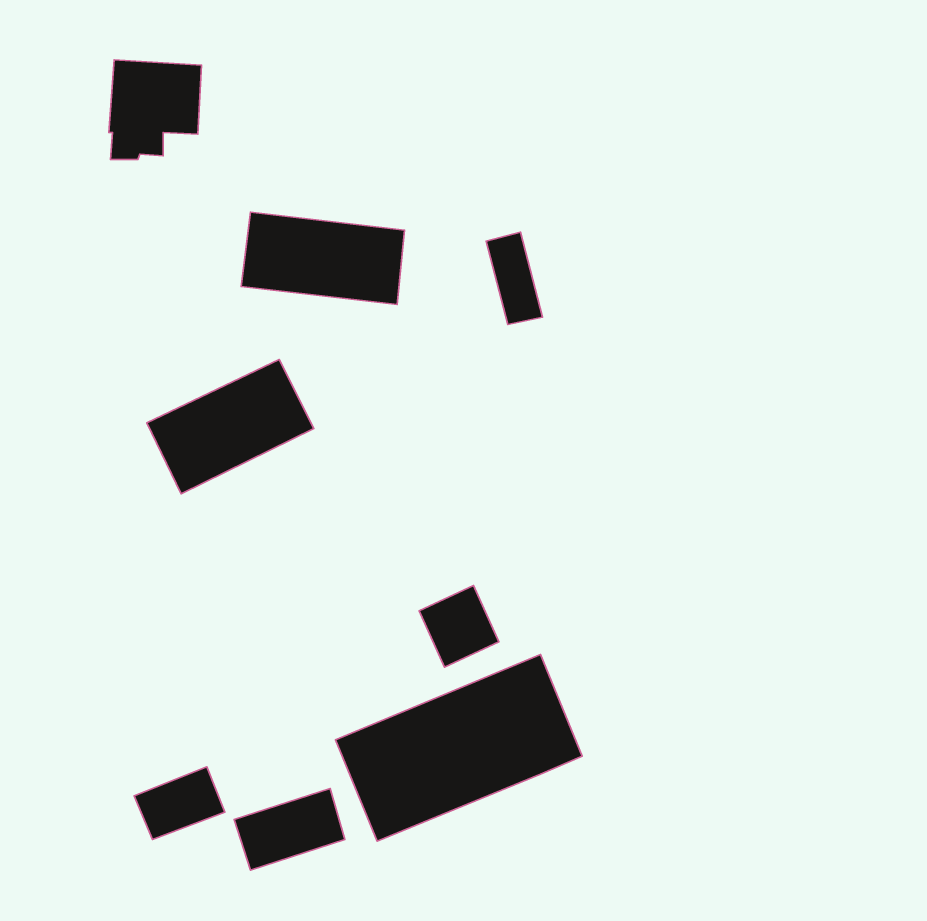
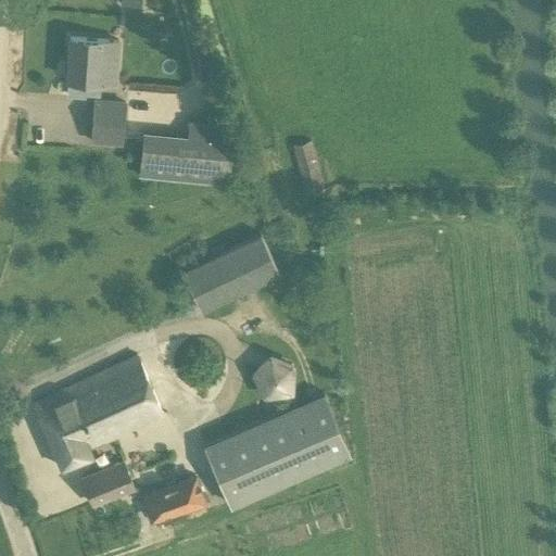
building: none -> [91,102,125,146]
building: [147,360,314,494] -> [180,235,280,315]
building: none -> [34,357,164,471]

